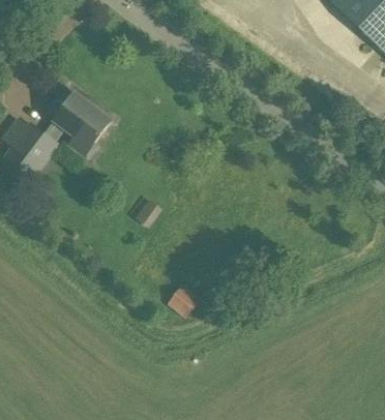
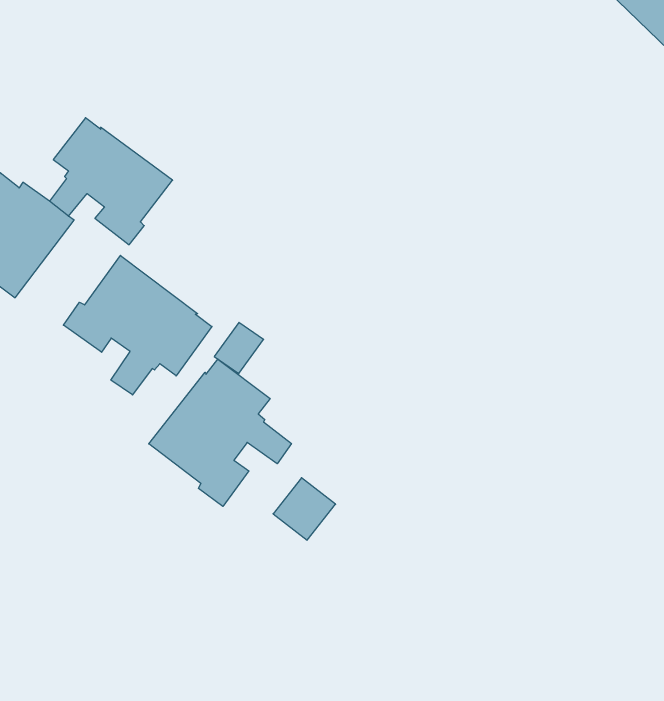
building: none -> [63,255,212,395]
building: none -> [149,359,291,506]

